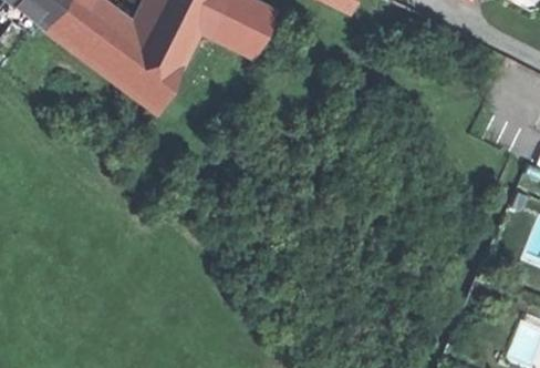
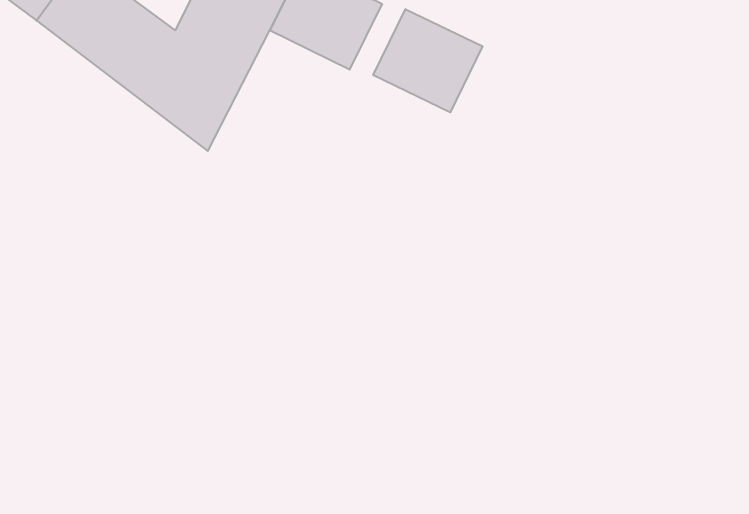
building: none -> [373,9,483,112]

